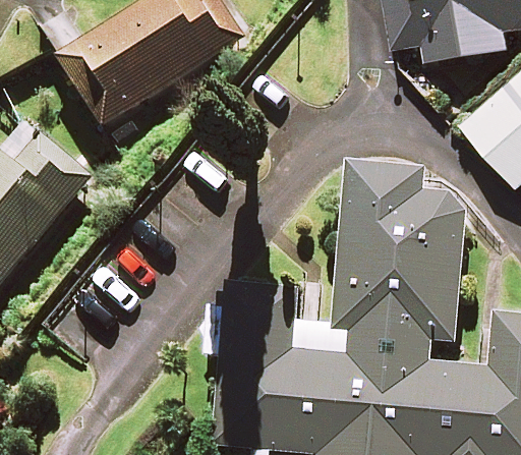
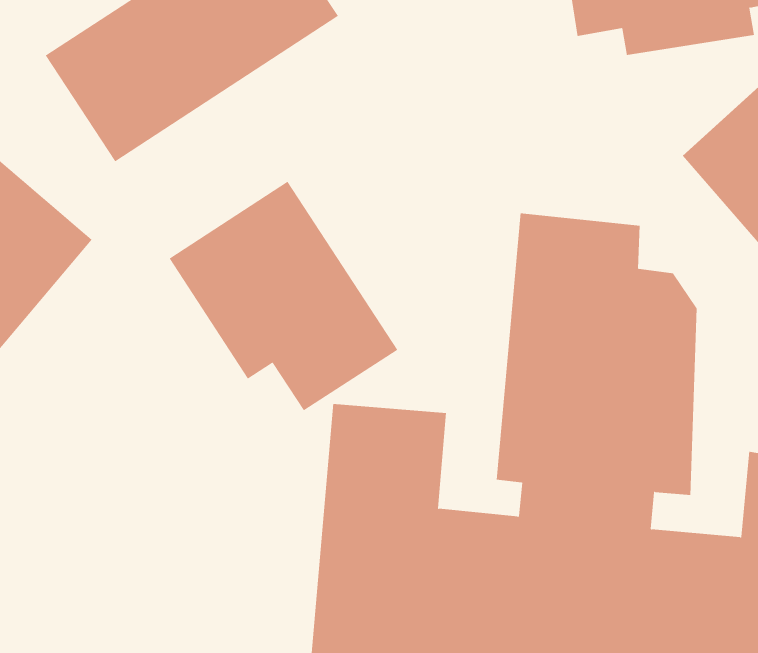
building: none -> [169,181,398,411]

